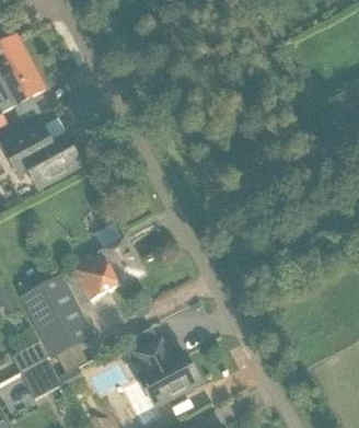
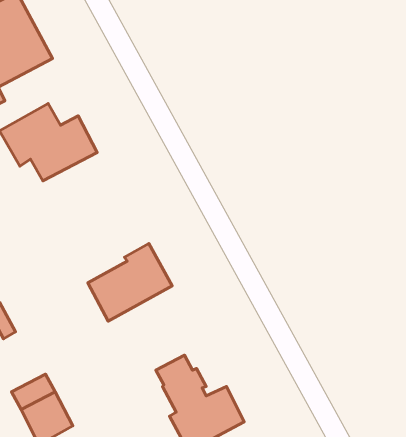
building: [24,276,97,358] -> none

